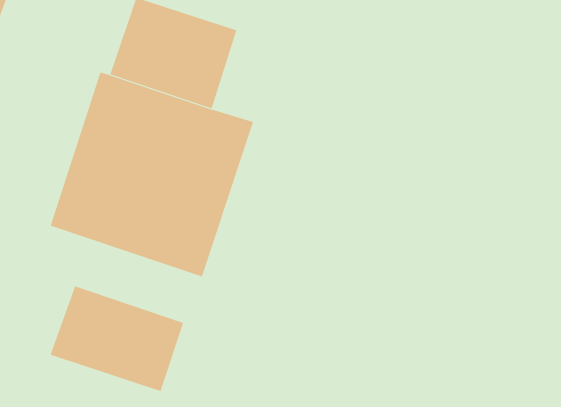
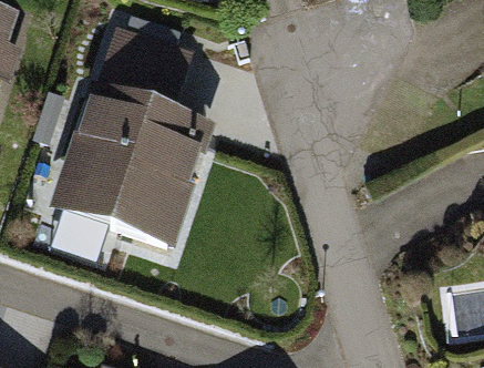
building: [50,286,184,392] -> none

